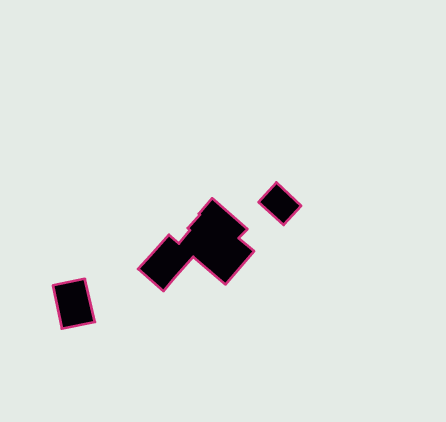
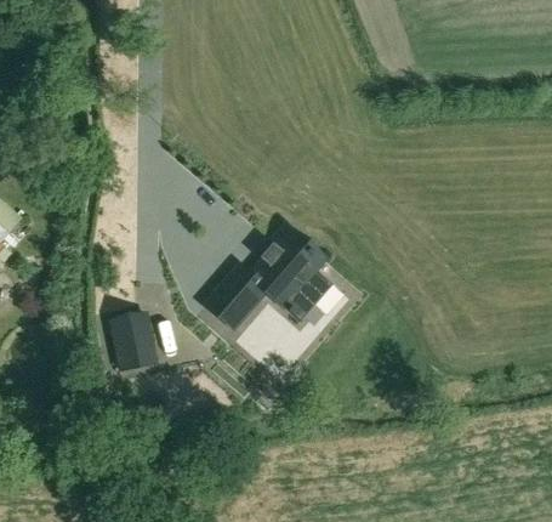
building: [259,182,301,225] -> none

